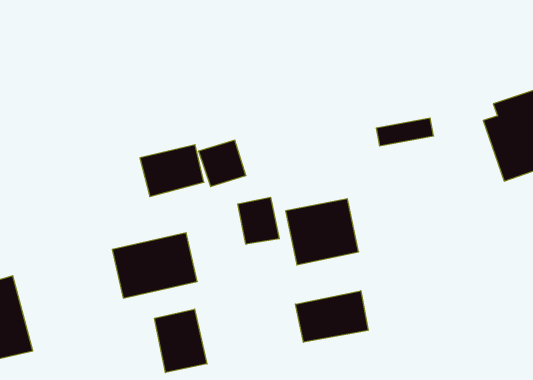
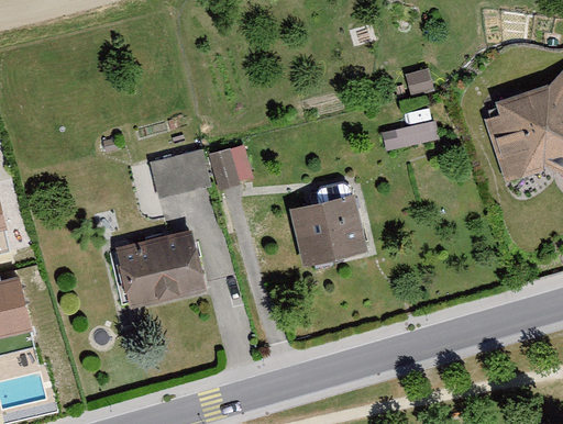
building: [238,197,279,244] -> none
building: [295,291,368,342] -> none
building: [155,309,207,373] -> none

